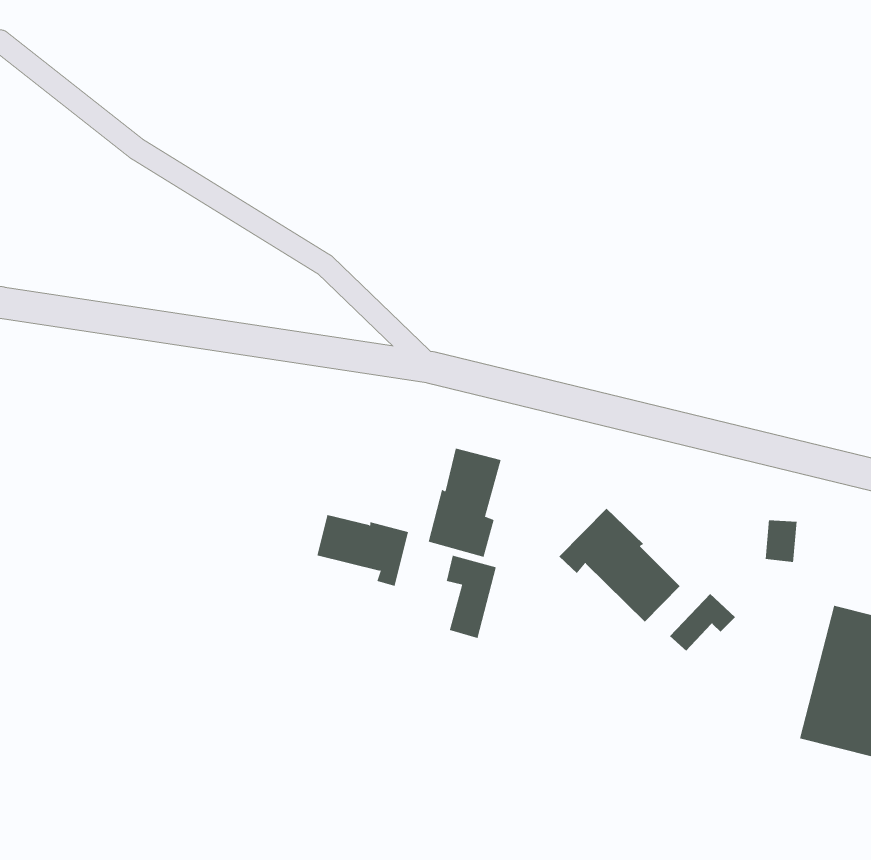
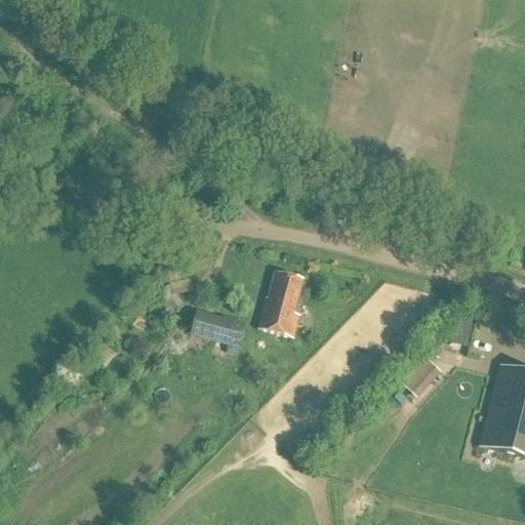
building: [559,508,681,623] -> none
building: [446,555,496,639] -> none

